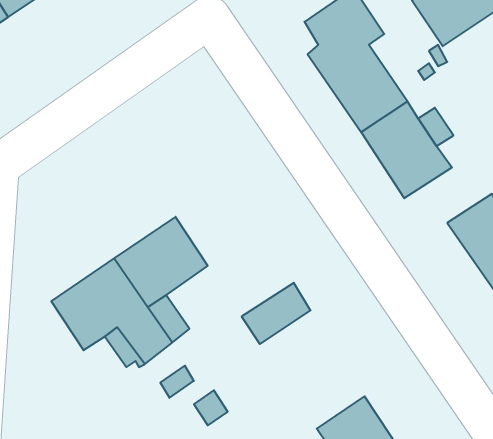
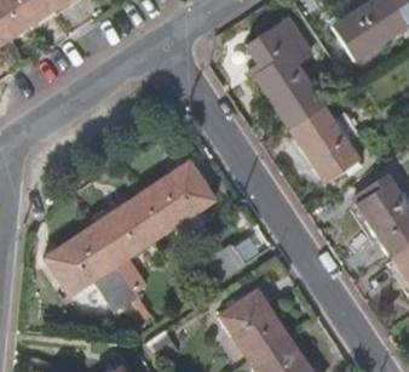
building: none -> [139,164,212,234]
building: none -> [217,288,288,362]

